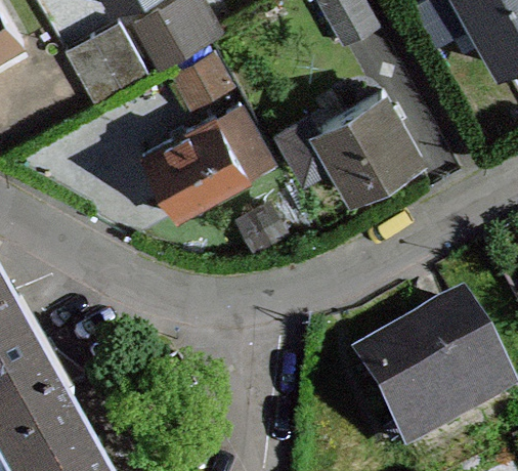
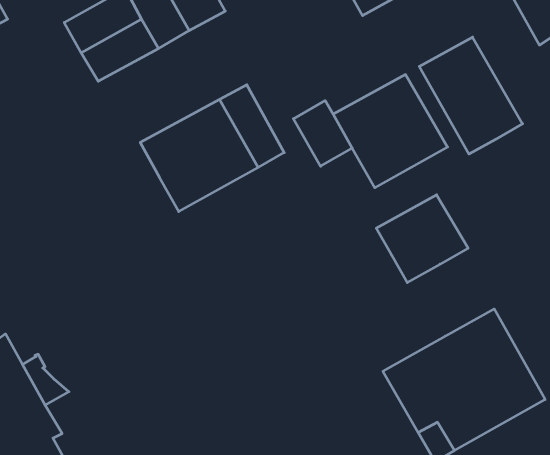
building: none -> [419,37,523,154]
building: none -> [376,195,468,283]

